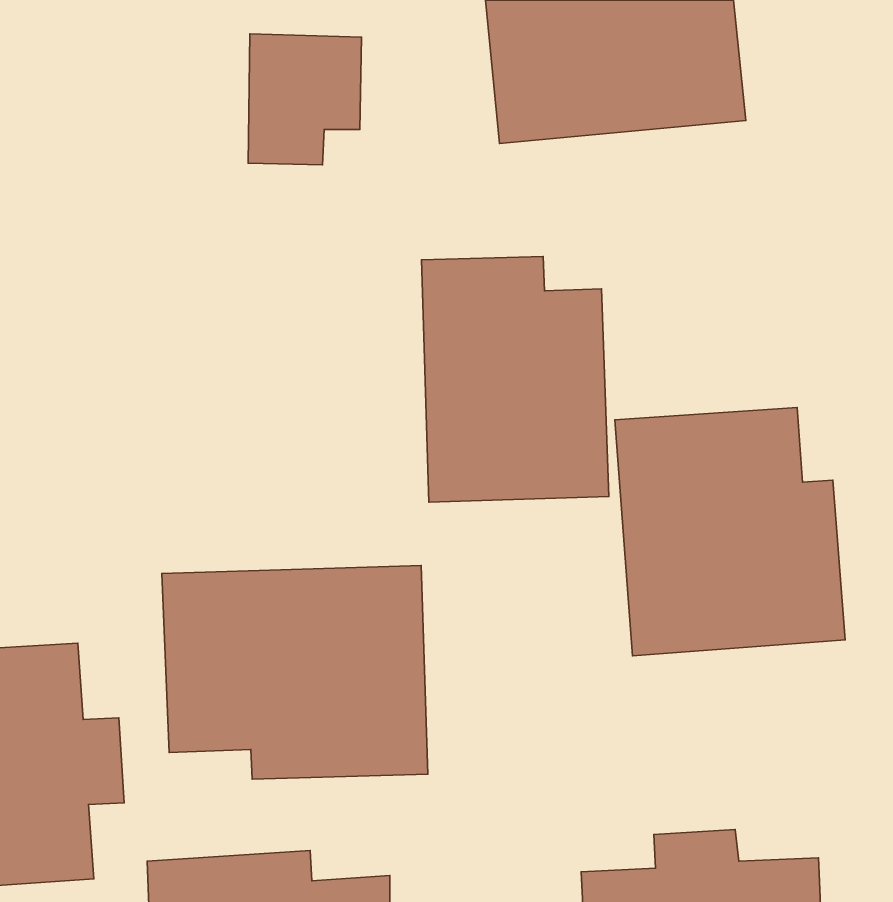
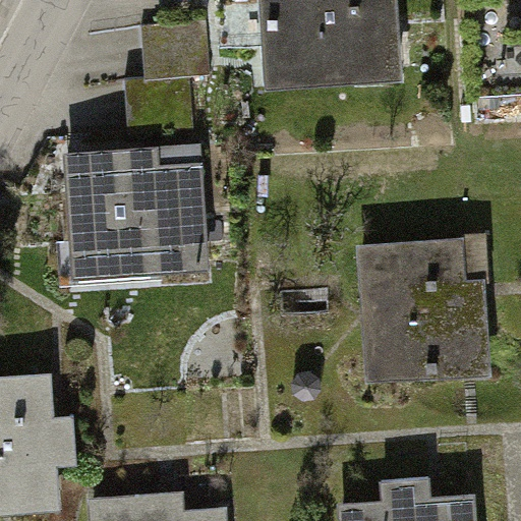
building: [421,257,609,502] -> none
building: none -> [83,157,225,291]
building: [162,566,428,779] -> none

